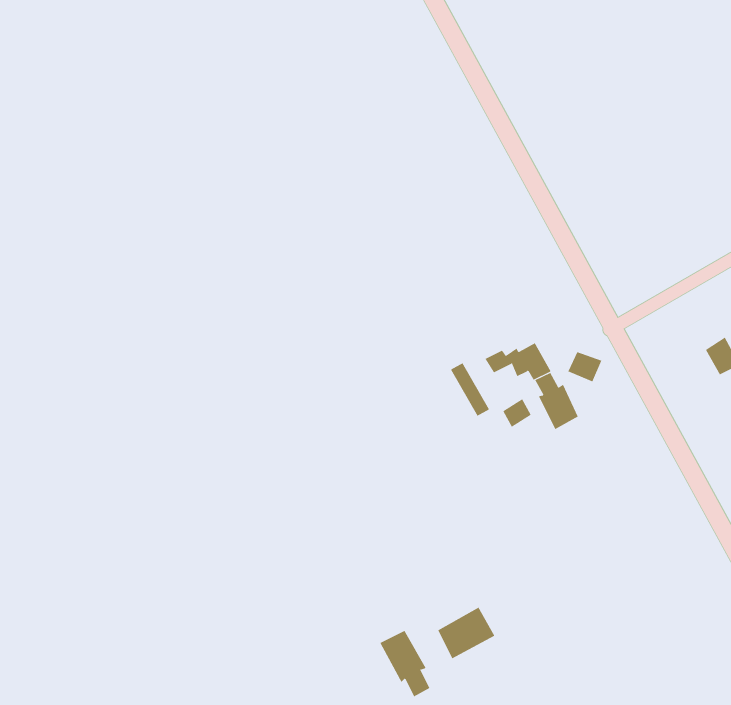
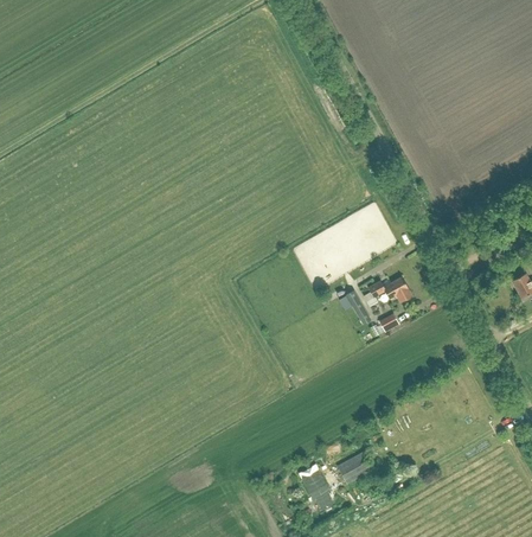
building: [535,372,579,430] -> none

